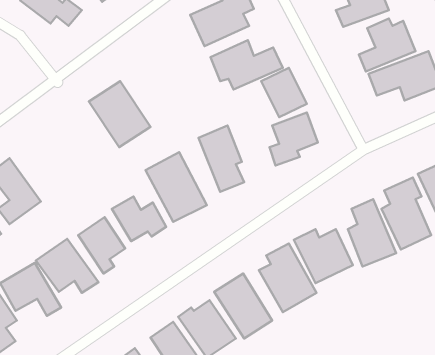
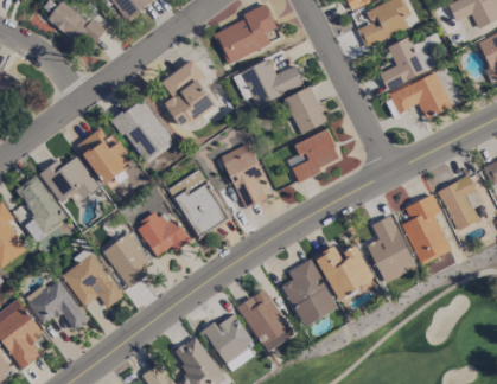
building: none -> [160,59,215,129]
building: none -> [76,128,132,183]
building: none -> [38,155,98,203]

